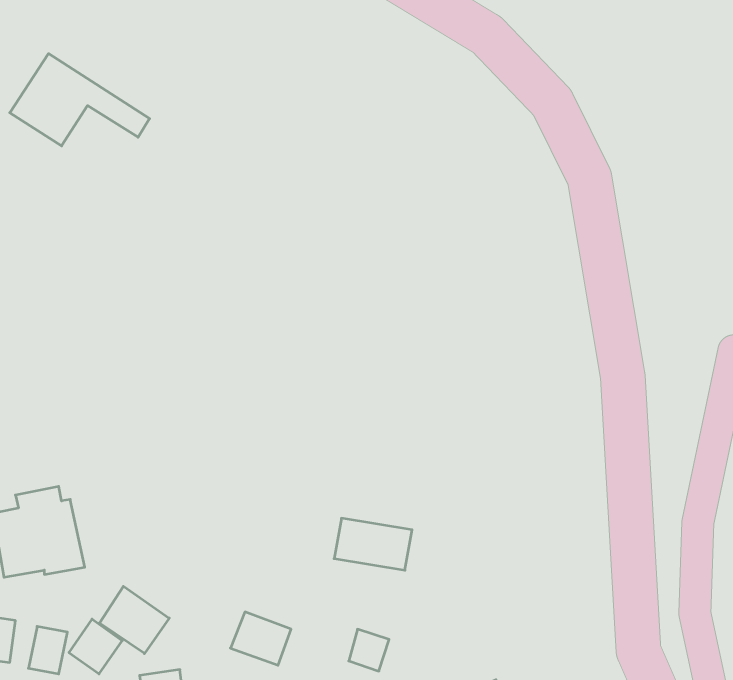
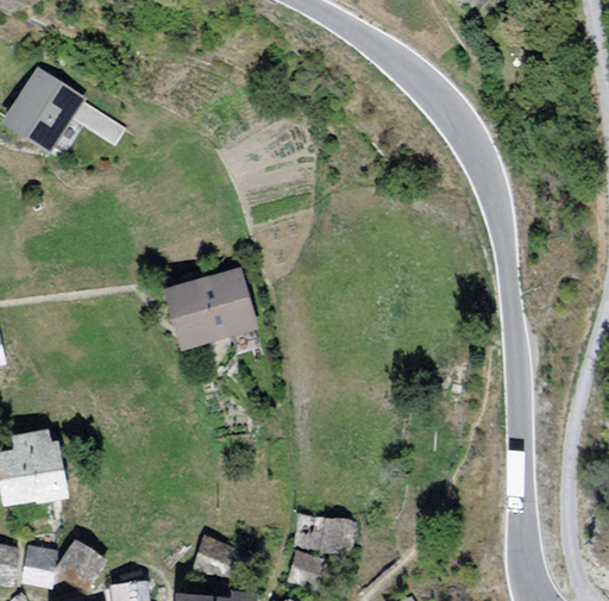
building: none -> [168,269,257,345]
building: [334,518,412,570] -> [291,509,356,552]
building: [99,586,169,654] -> none

